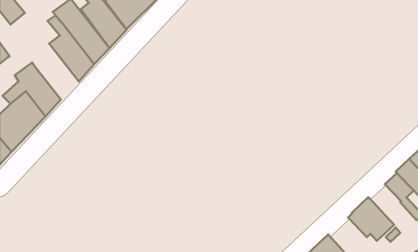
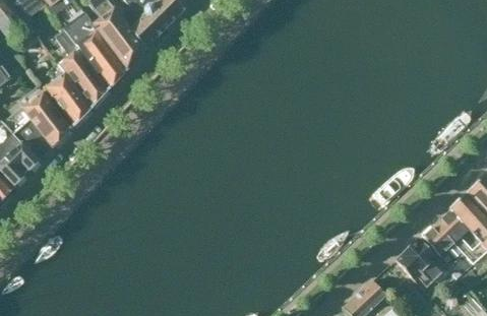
building: none -> [45,64,90,124]
building: none -> [422,223,458,265]

